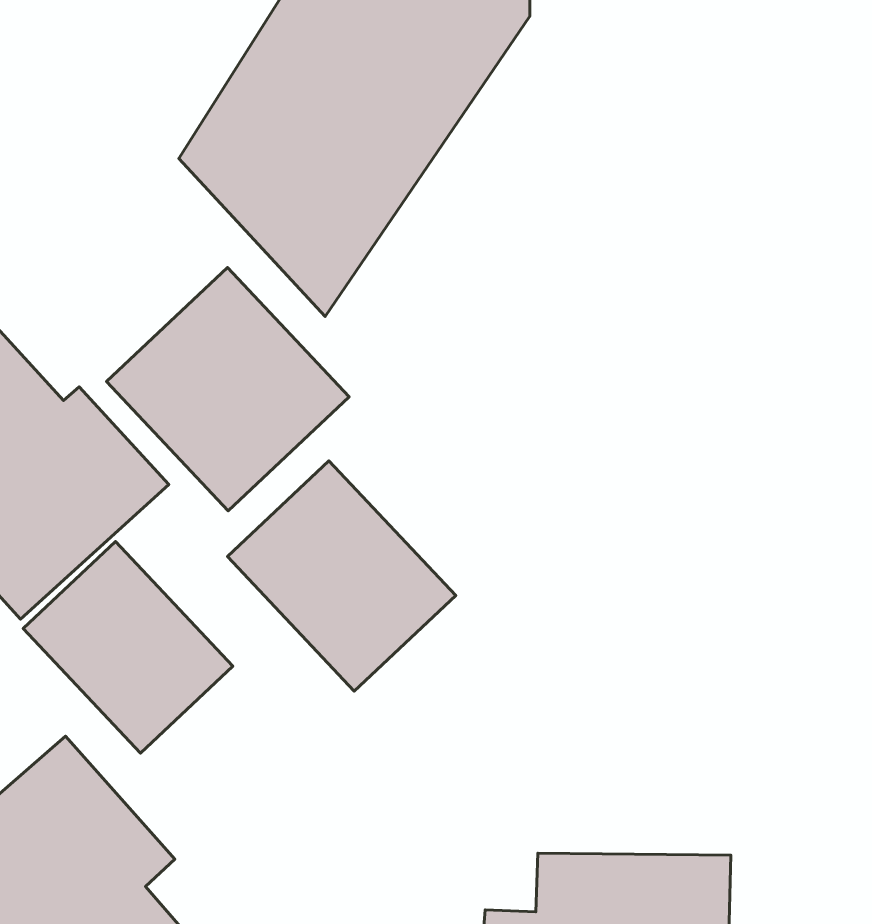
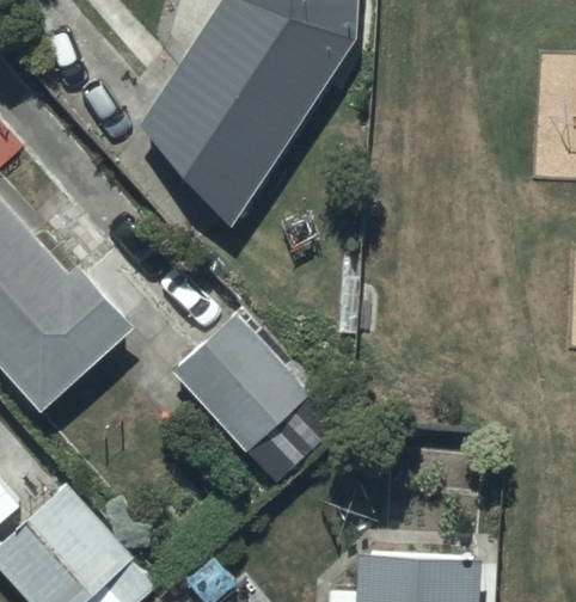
building: [106,268,349,511] -> none
building: [23,541,233,753] -> none

